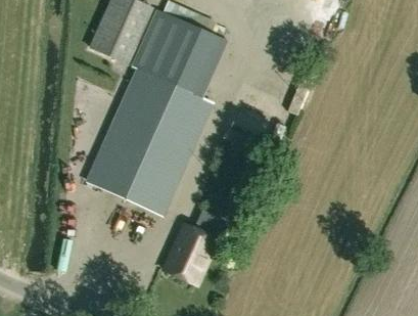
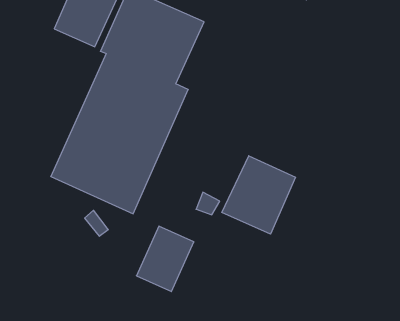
building: none -> [222,156,296,234]

